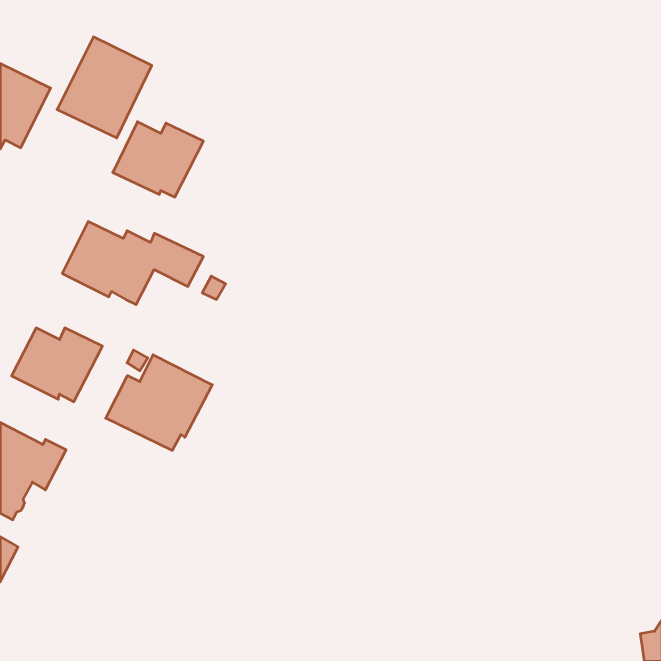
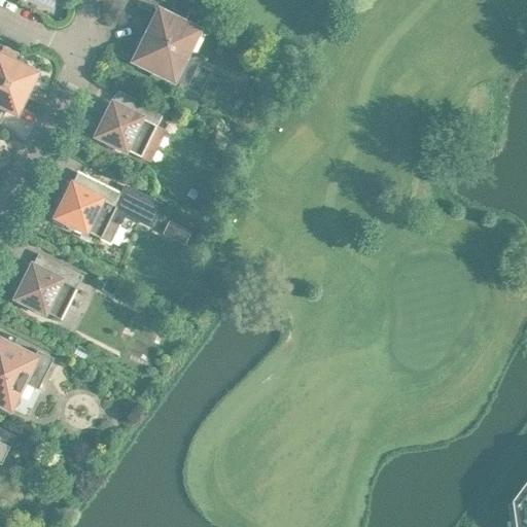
building: [57,37,152,138] -> [128,4,203,84]
building: [106,355,212,450] -> none

